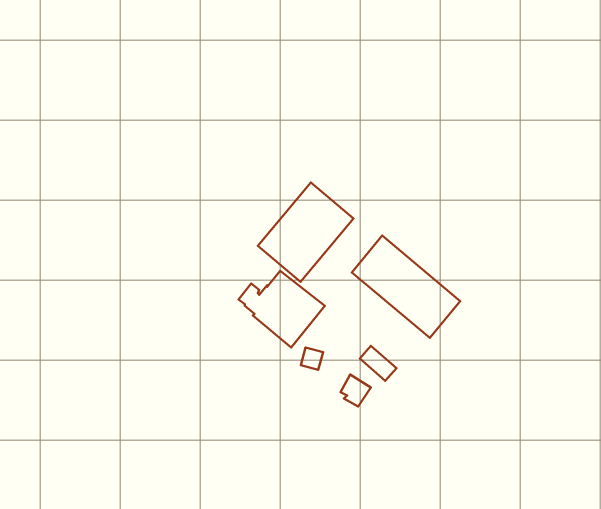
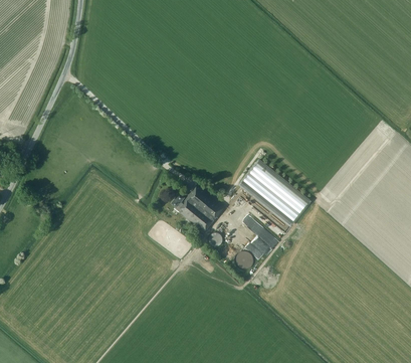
building: [258,183,353,282] -> none

